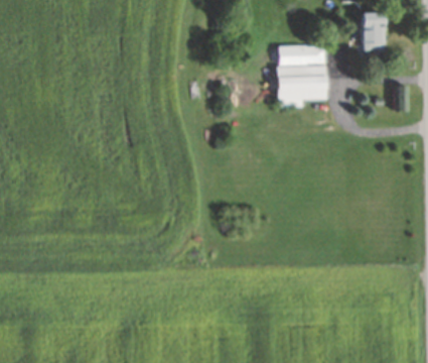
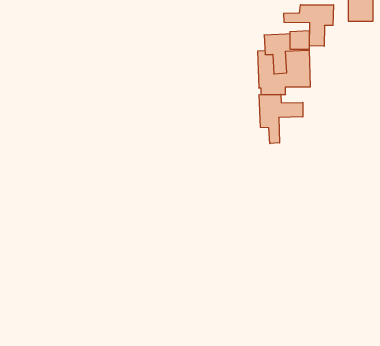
building: none -> [284,5,333,46]
building: none -> [259,94,303,144]

